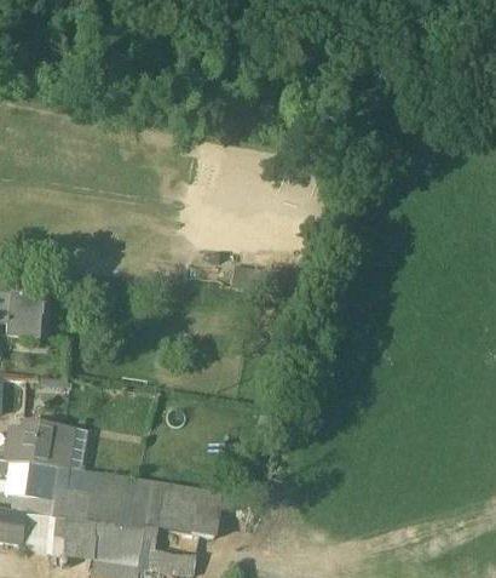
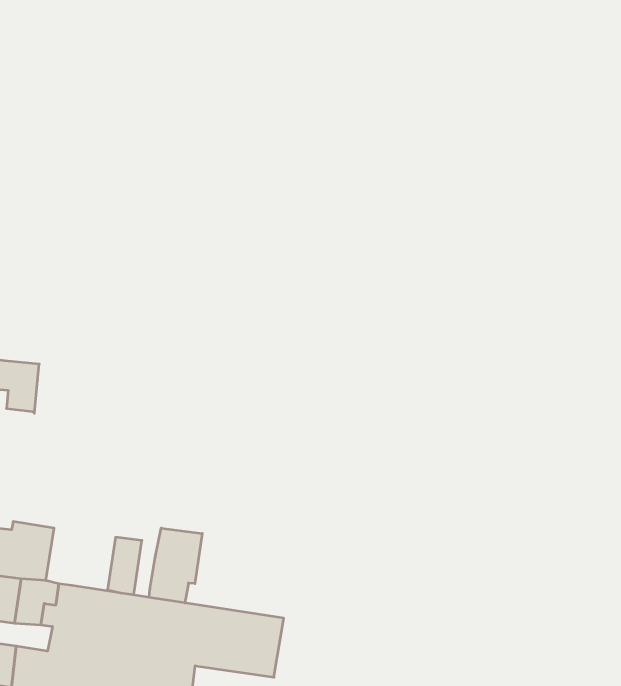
building: none -> [149,528,202,603]
building: [48,425,74,468] -> [107,537,142,595]

